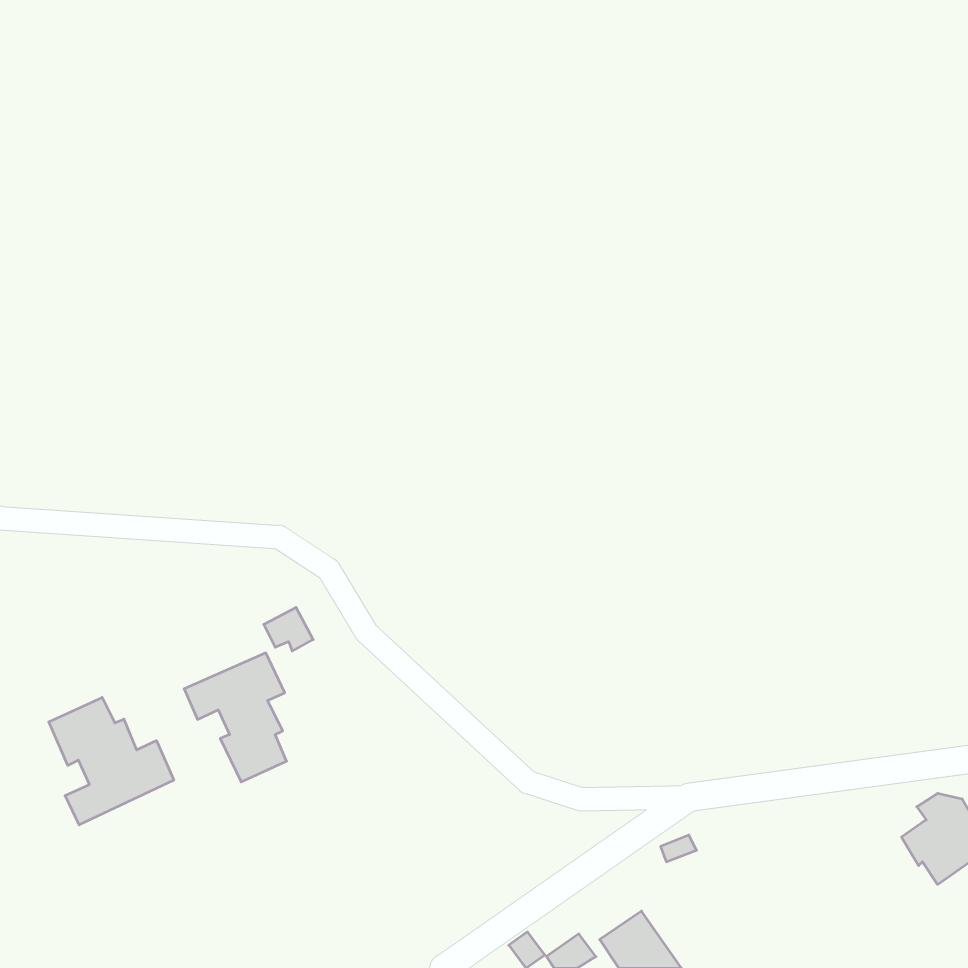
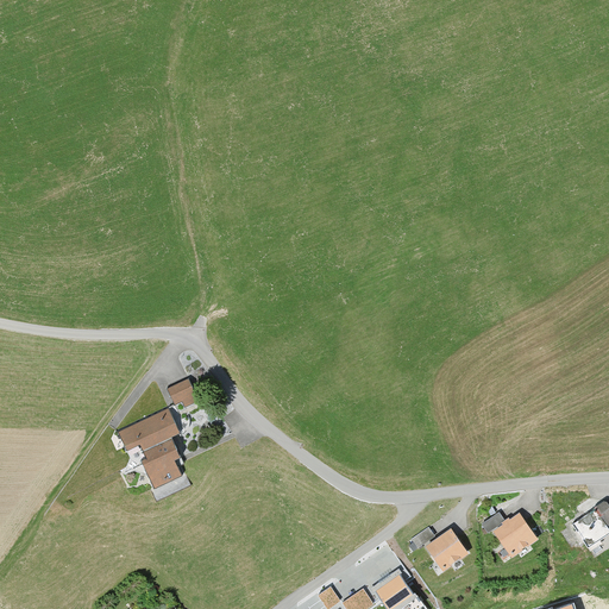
building: [49,697,174,825] -> none
building: none -> [483,513,538,557]
building: none -> [426,529,467,572]

